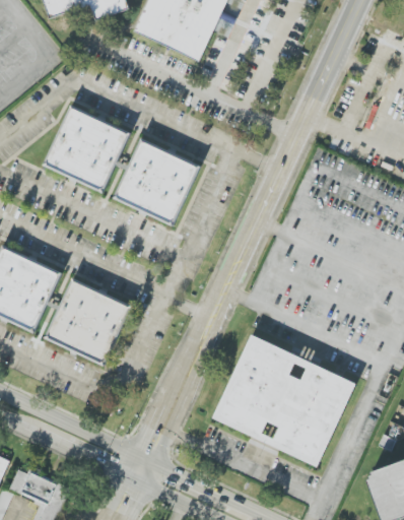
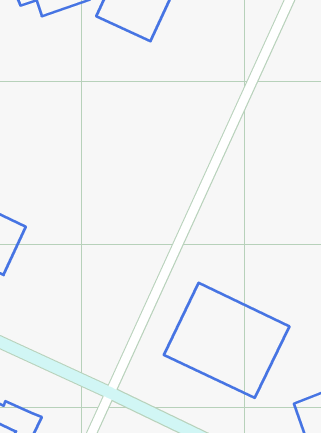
building: [48,107,127,188] -> none
building: [117,141,196,222] -> none
building: [49,280,128,361] -> none

